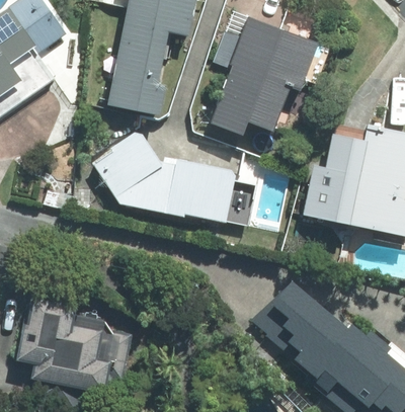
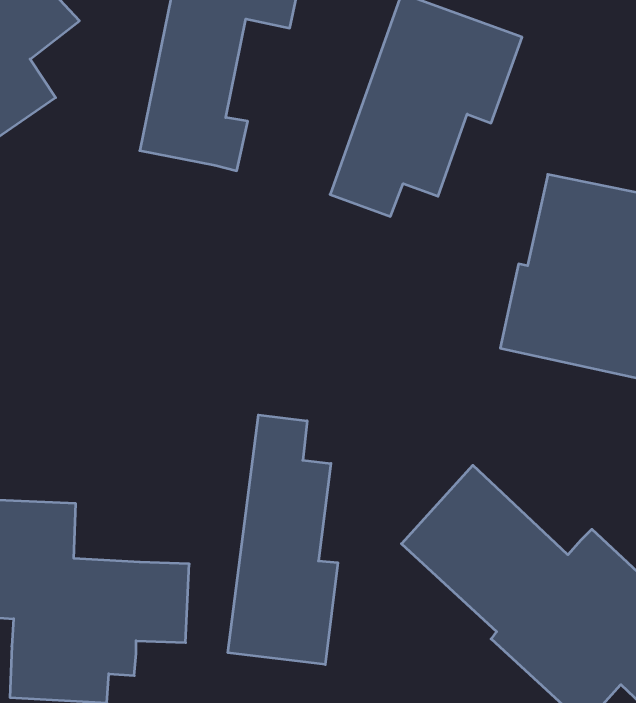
building: [94,130,229,218] -> none
building: none -> [228,415,338,665]

